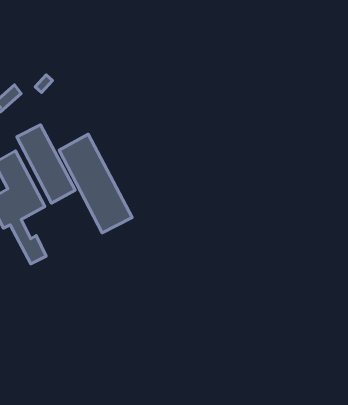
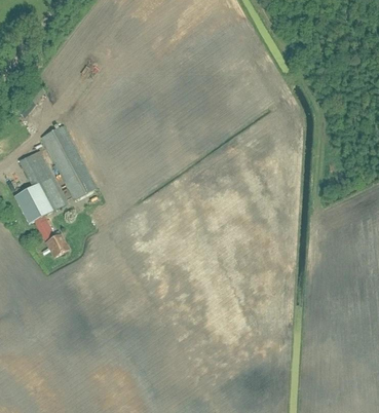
building: [59,134,132,233] -> none

